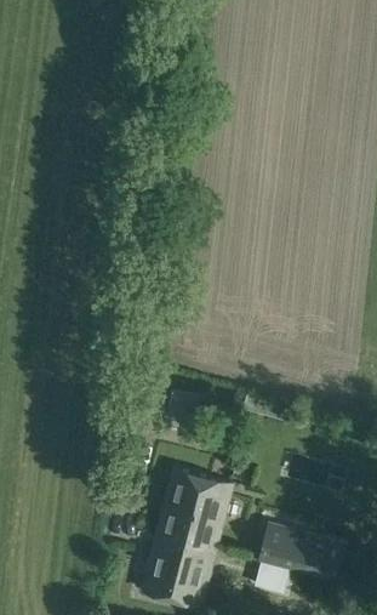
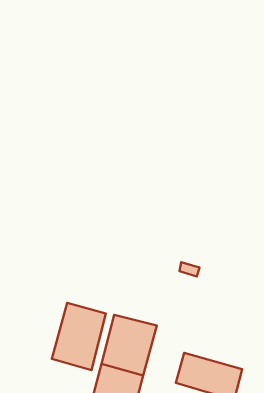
building: none -> [52,303,106,370]

